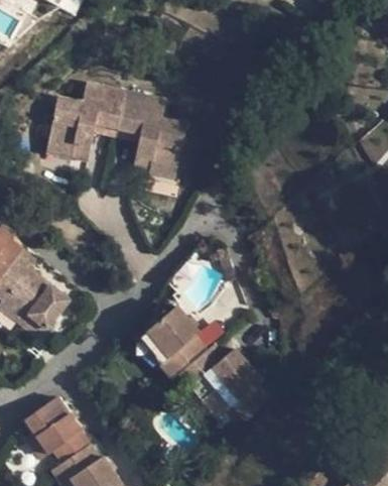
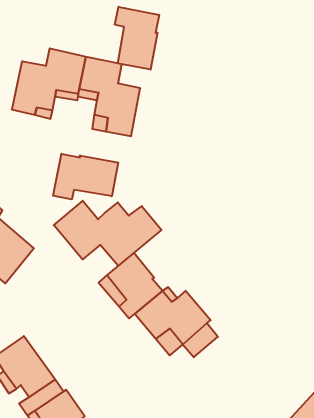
building: none -> [115,7,159,70]
building: none -> [53,154,118,199]
building: none -> [54,201,161,266]

